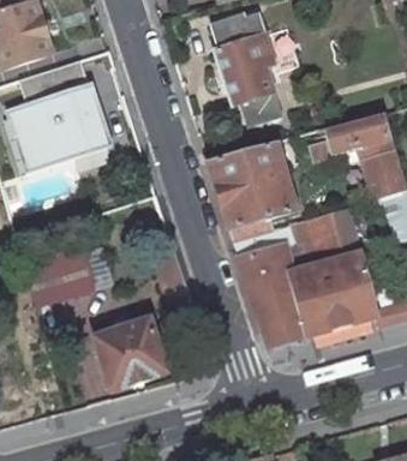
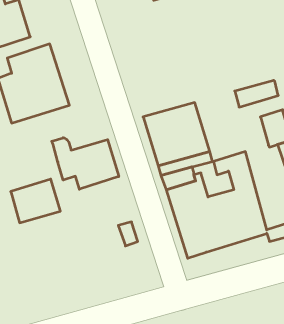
building: [210,11,281,124] -> none
building: none -> [52,138,119,189]
building: [94,316,168,389] -> none

